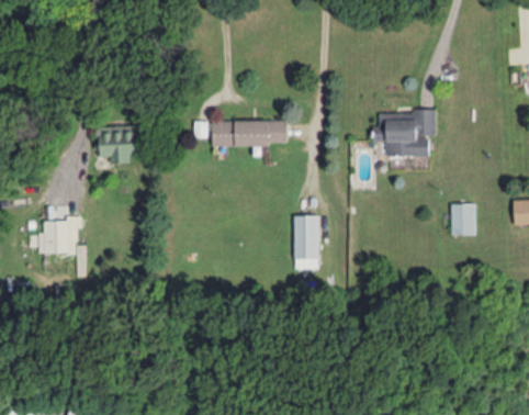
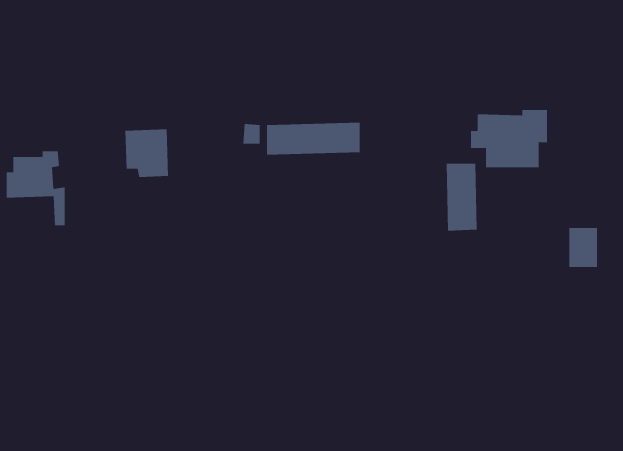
building: [293,215,318,269] -> [446,163,478,231]
building: [38,216,86,276] -> [6,151,65,226]

